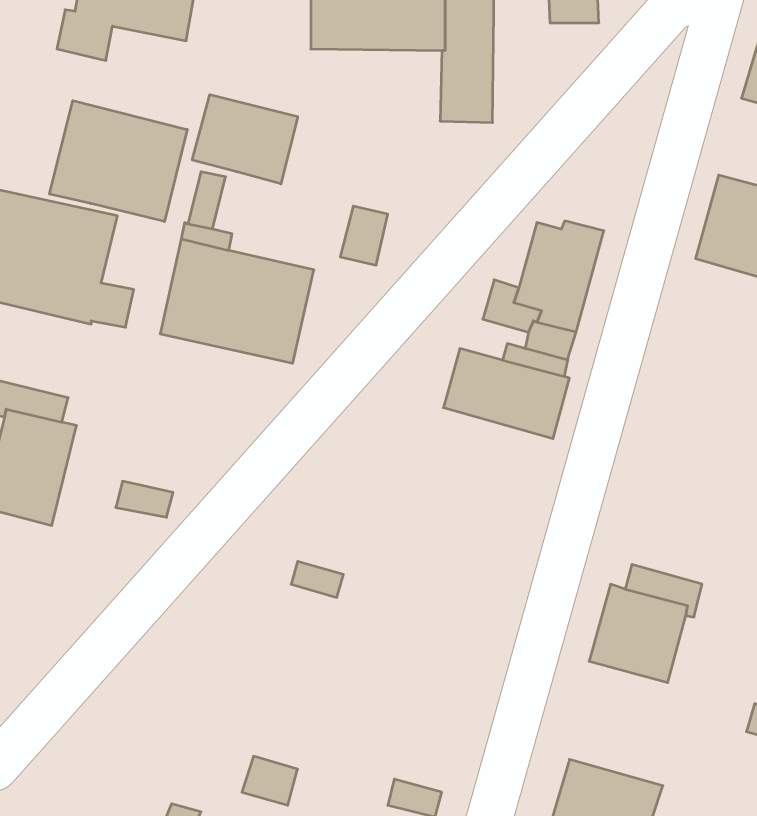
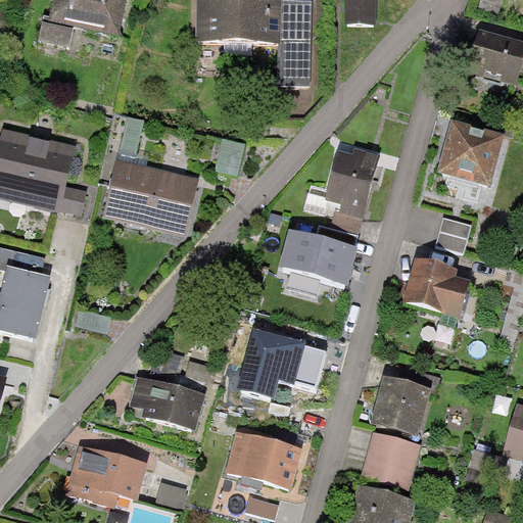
building: [192,95,298,184] -> none
building: [49,101,187,222] -> none
building: none -> [434,218,470,253]
building: none -> [402,256,470,317]
building: none -> [235,327,325,397]
building: none -> [129,376,204,430]
building: none -> [225,431,302,490]
building: none -> [360,432,421,491]
building: none -> [65,444,146,507]

